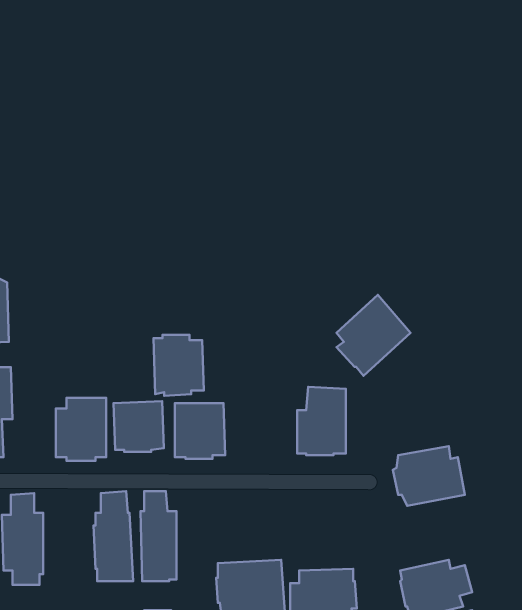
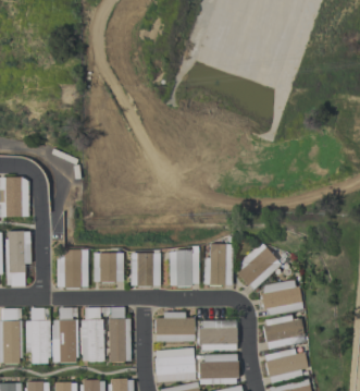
building: [337,295,410,376] -> [237,241,282,290]
building: [153,335,204,396] -> [169,249,199,286]
building: none -> [51,307,78,363]
building: none -> [156,311,195,341]
building: none -> [263,314,306,349]
building: none -> [199,320,238,350]

